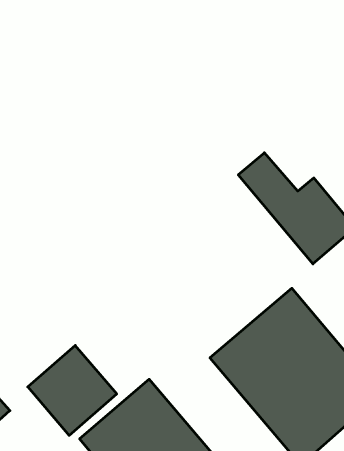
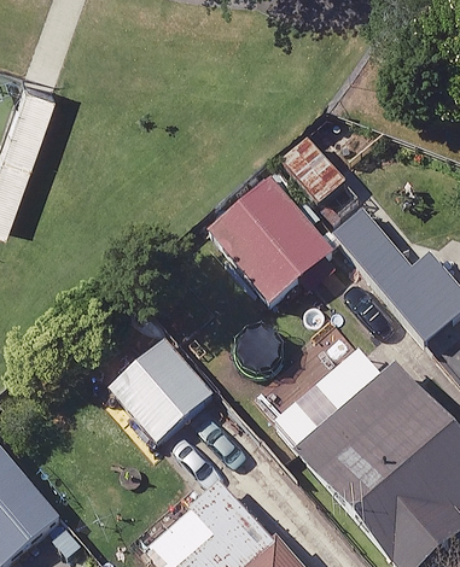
building: none -> [206,177,331,304]
building: [28,345,117,435] -> [106,337,212,444]

